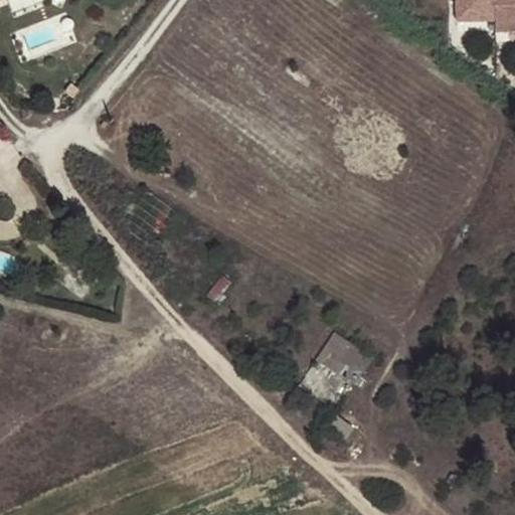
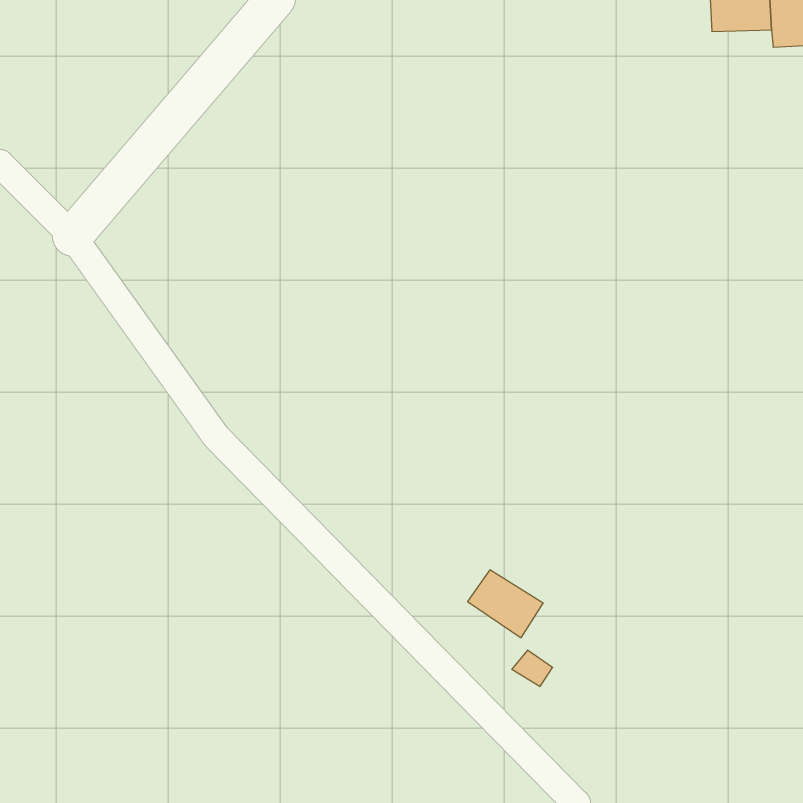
building: [316,332,374,384] -> none

